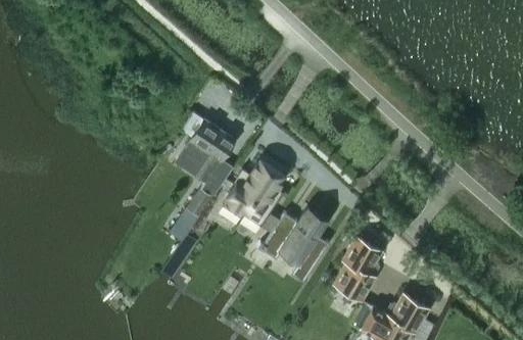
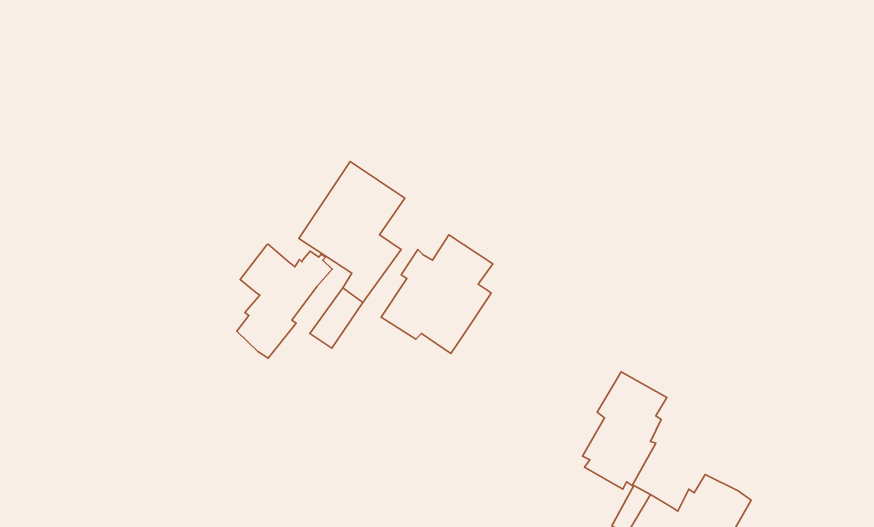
building: none -> [237,244,332,358]
building: [257,205,329,283] -> none

